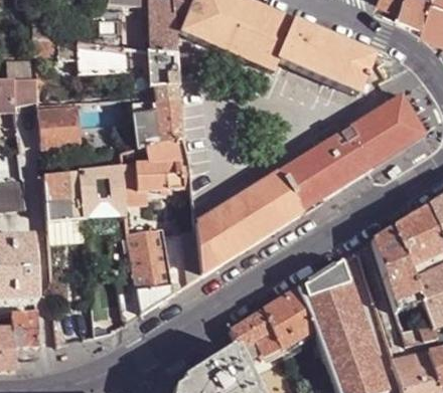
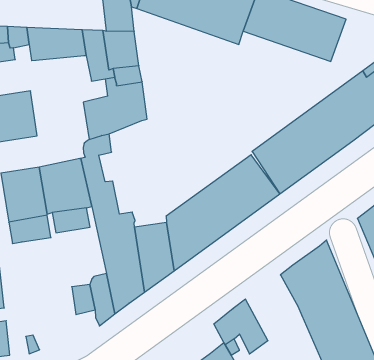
building: [135,135,183,189] -> none
building: [262,287,313,348] -> none

